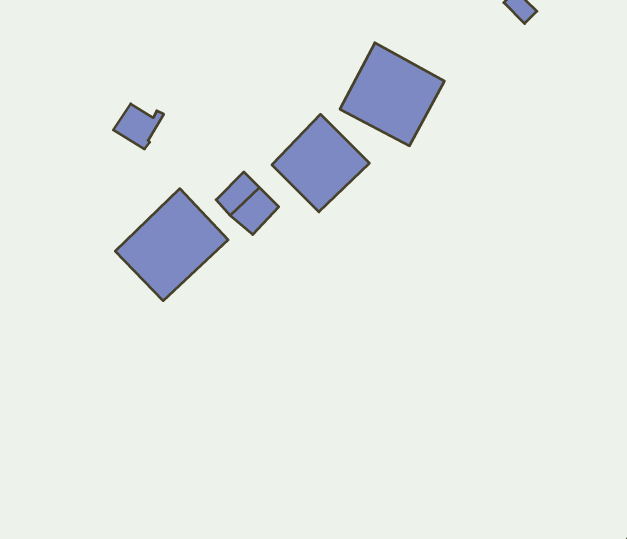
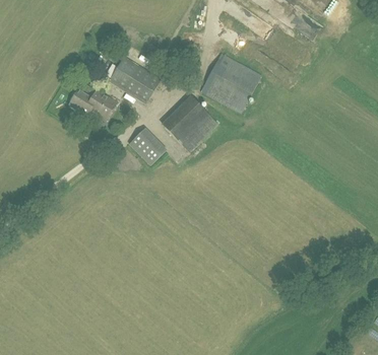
building: none -> [108,56,160,103]
building: none -> [88,89,116,120]
building: [115,189,228,301] -> none

